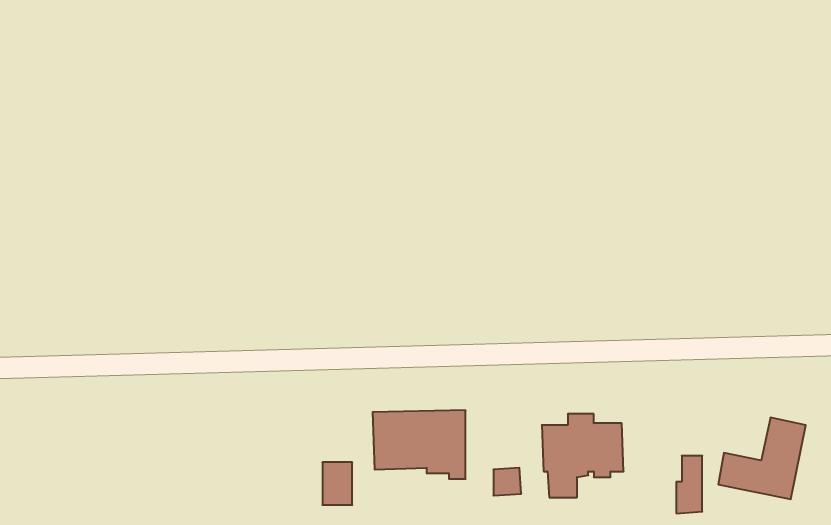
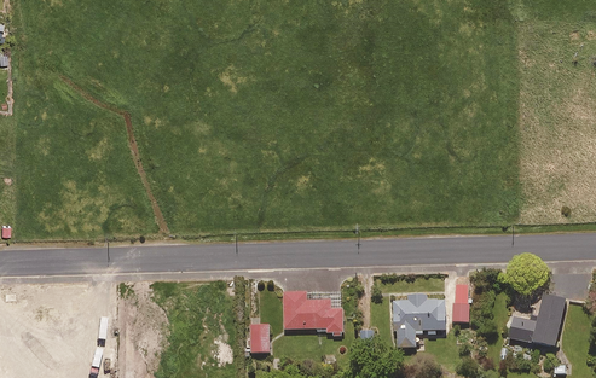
building: [676,456,702,513] -> [452,284,469,321]

